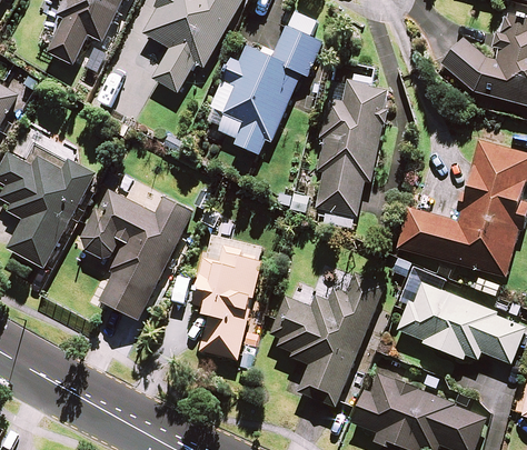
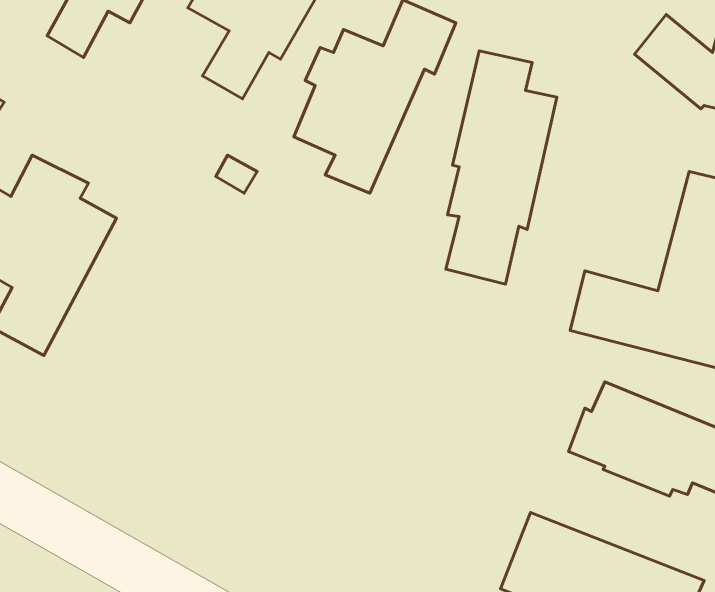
building: [81,189,192,320] -> none
building: [192,212,264,360] -> none
building: [270,273,385,407] -> none

